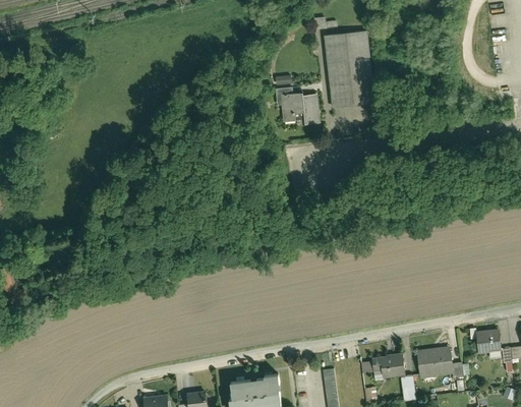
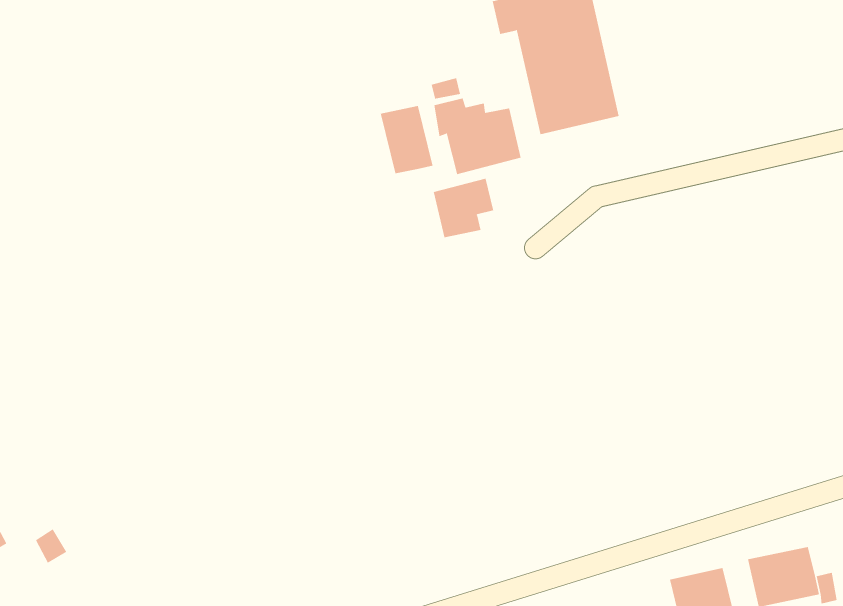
building: none -> [380,105,433,174]
building: none -> [433,178,494,238]

